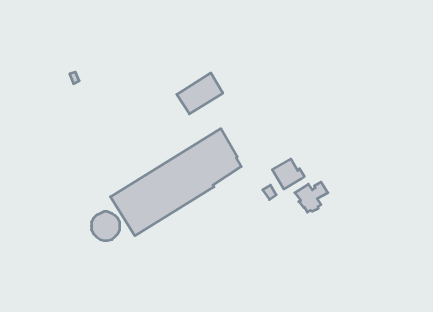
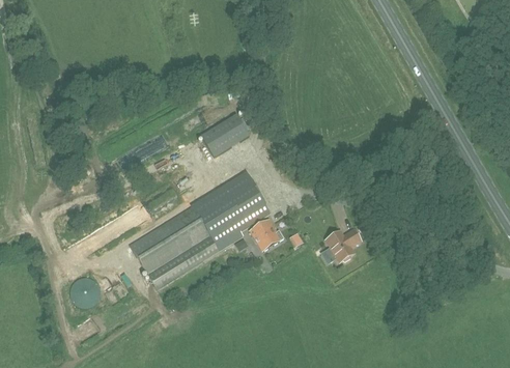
building: [272,159,304,189] -> [250,218,284,250]
building: [91,211,120,241] -> [69,275,100,306]

